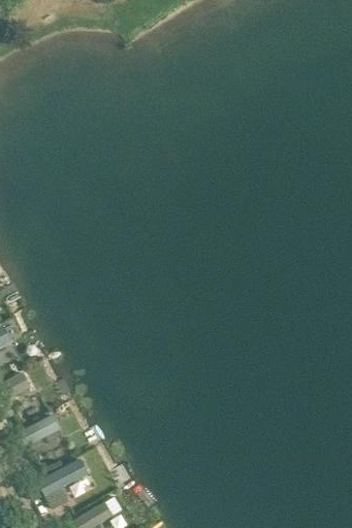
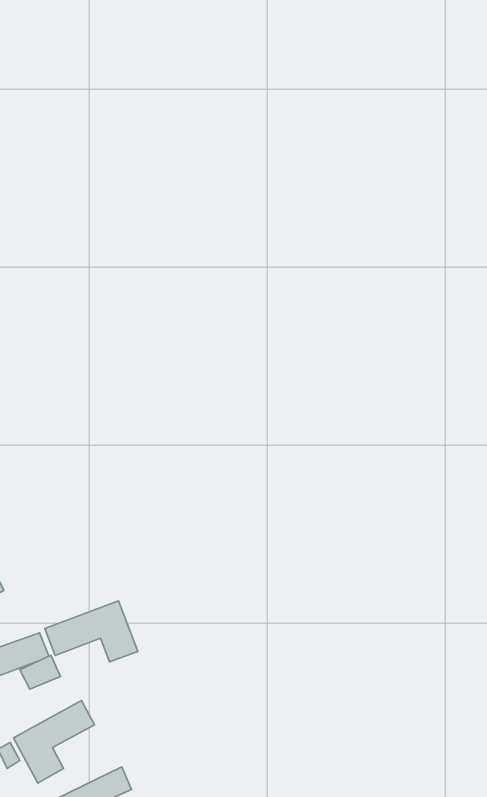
building: none -> [45,601,138,662]

